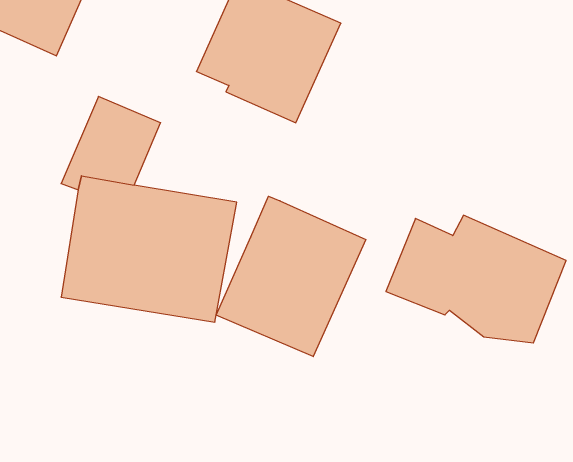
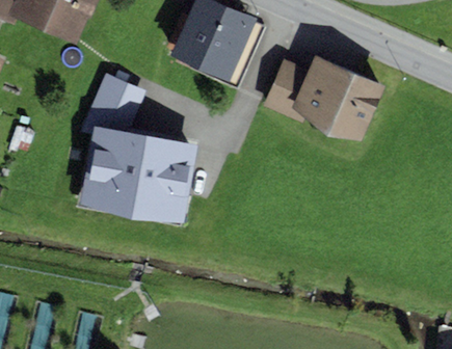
building: [216,196,366,357] -> none
building: [386,215,566,343] -> [263,55,383,140]

